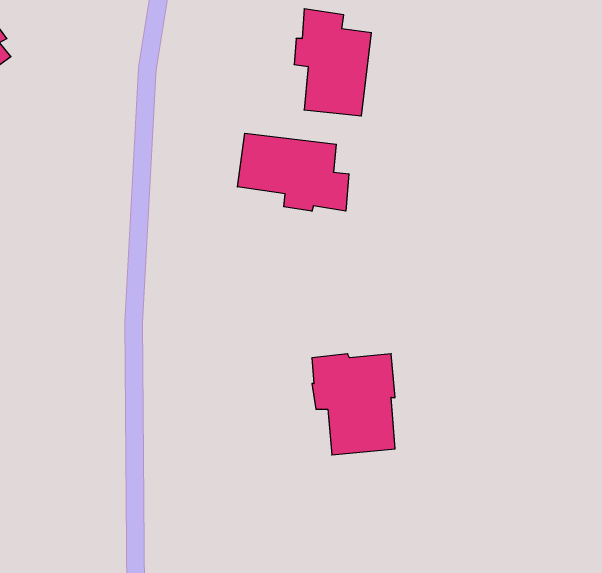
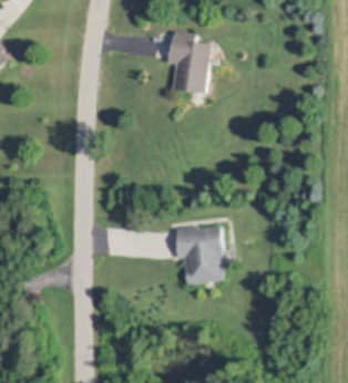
building: [237,133,349,211] -> none

